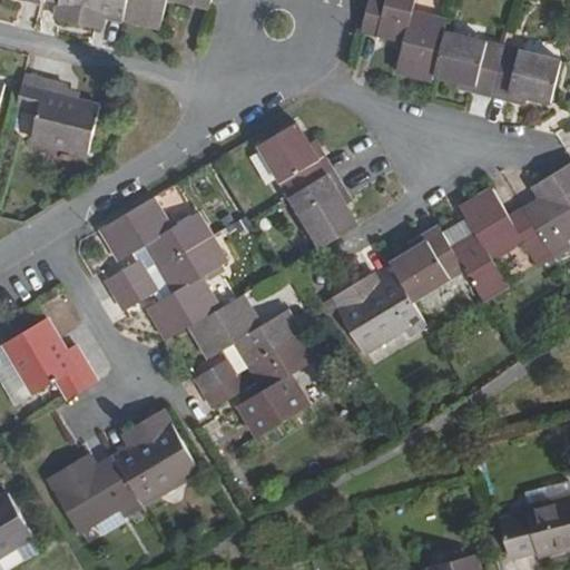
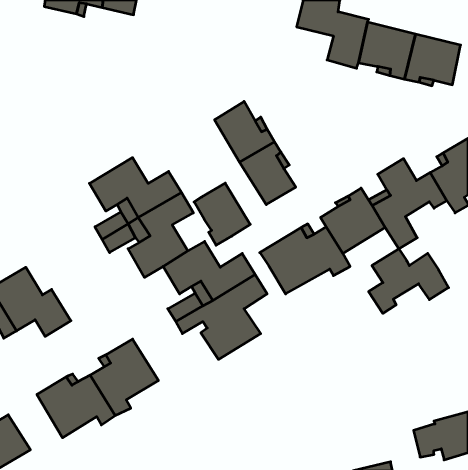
building: [14,76,99,151] -> none
building: none -> [194,183,250,245]
building: none -> [369,249,449,313]

